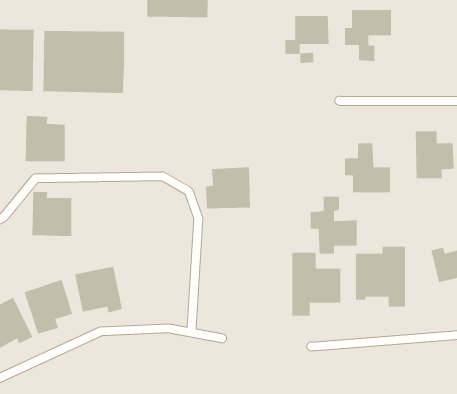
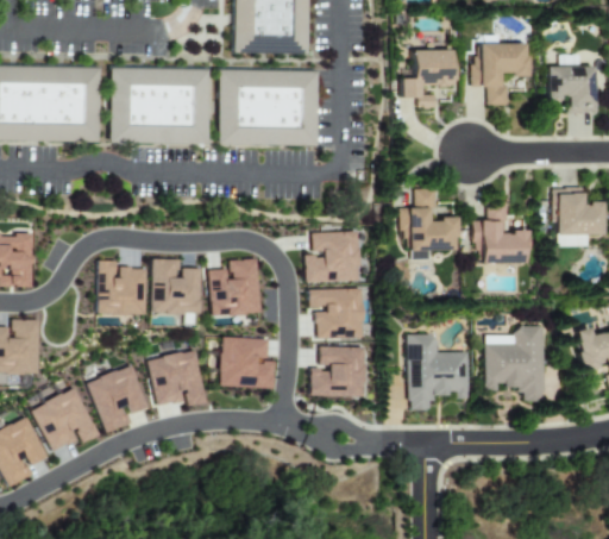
building: none -> [548,65,596,113]
building: none -> [219,69,319,145]
building: [25,115,65,162] -> [152,258,201,314]
building: none -> [209,258,260,315]
building: [310,196,358,254] -> [398,189,456,259]
building: none -> [310,288,364,339]
building: none -> [220,337,276,388]
building: none -> [310,346,365,396]

